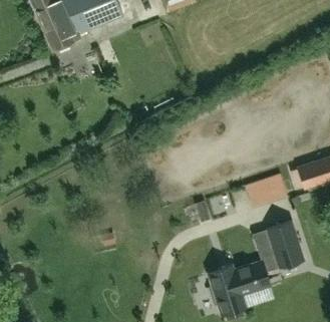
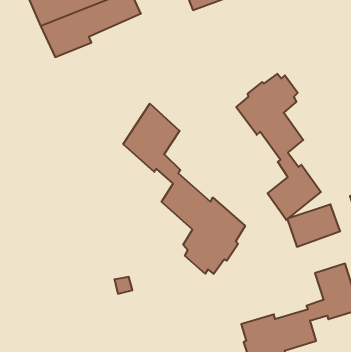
building: none -> [236,74,321,220]
building: none -> [123,104,245,274]

